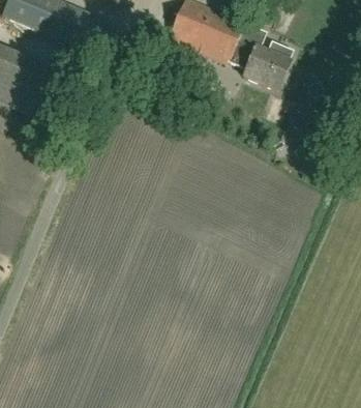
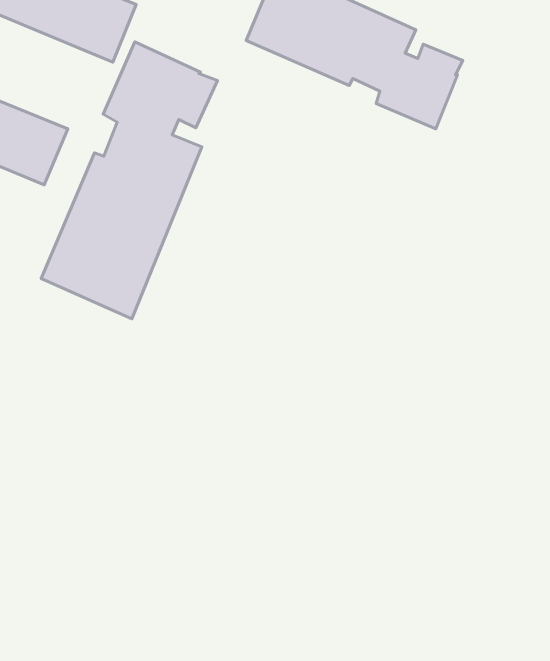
building: none -> [41,42,218,319]

